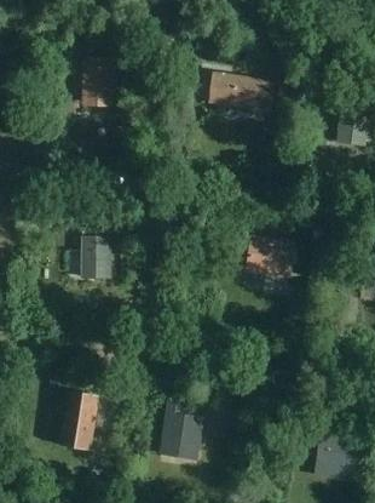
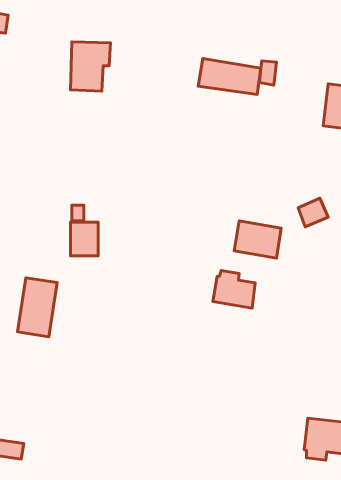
building: none -> [213,271,255,308]
building: [59,393,99,452] -> [18,278,57,337]
building: [158,399,203,461] -> none

